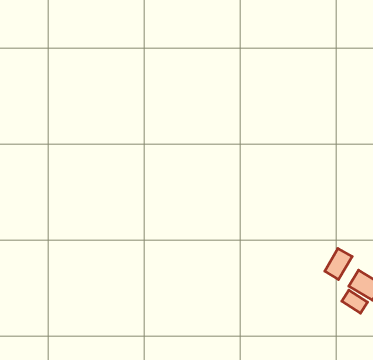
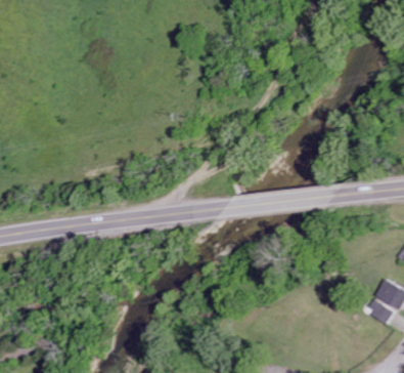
building: [325,249,352,280] -> none

